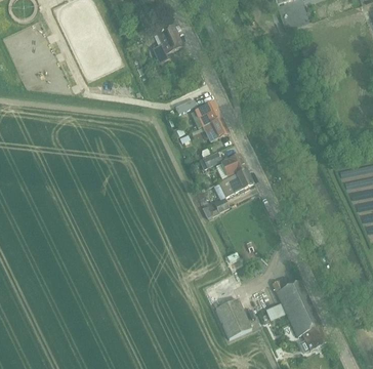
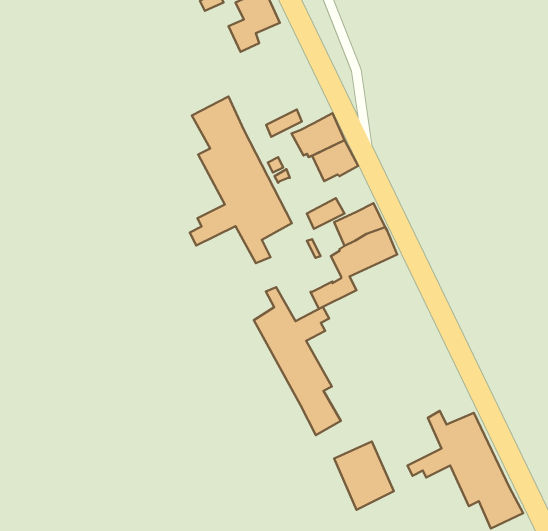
building: none -> [190,97,292,263]
building: none -> [254,287,341,435]

